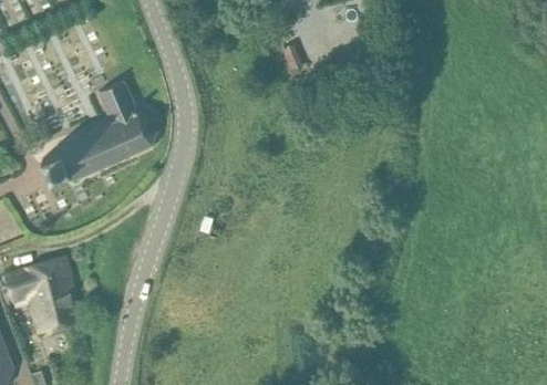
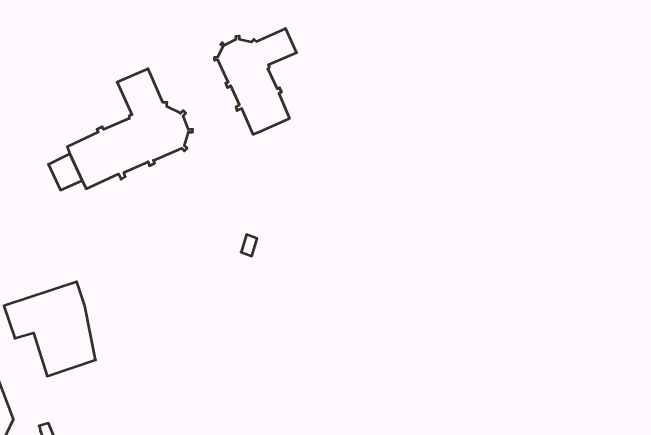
building: none -> [215,28,297,134]

